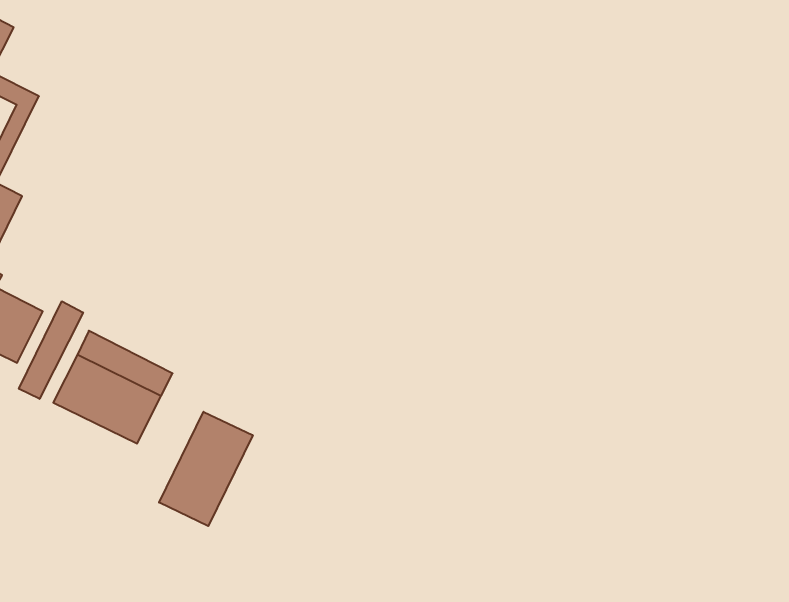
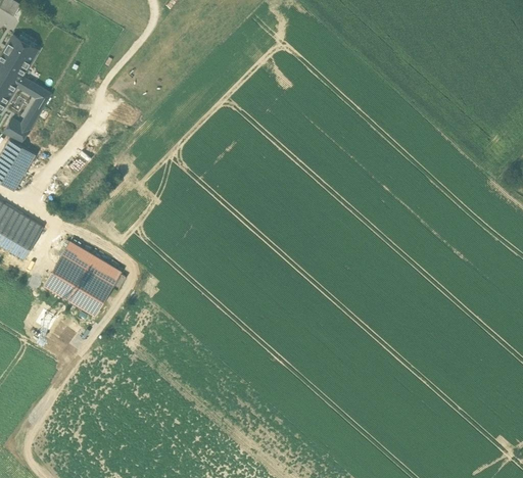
building: [19,301,83,399] -> none
building: [159,412,253,526] -> none

